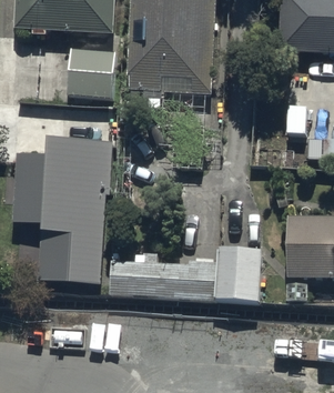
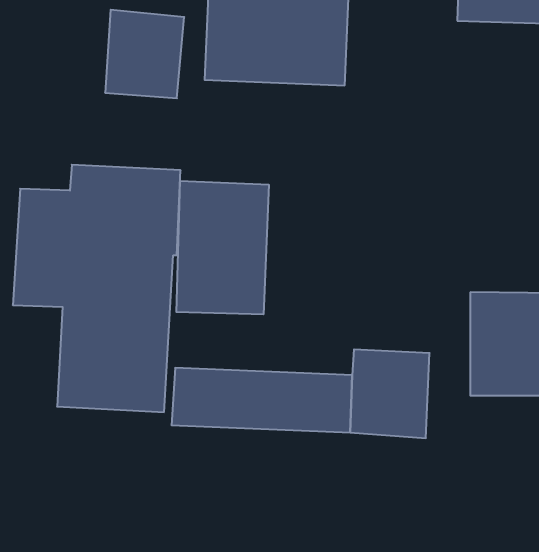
building: none -> [176,181,269,314]

